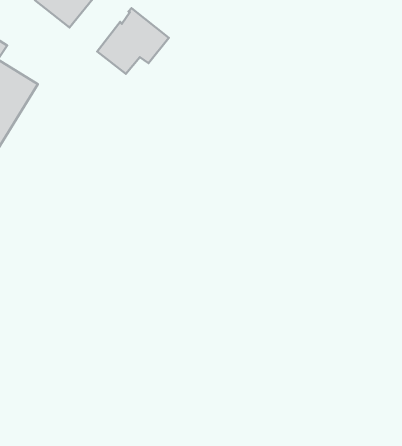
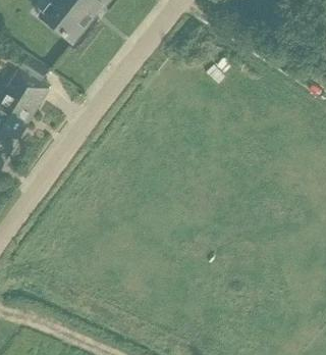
building: [97,8,169,74] -> none

